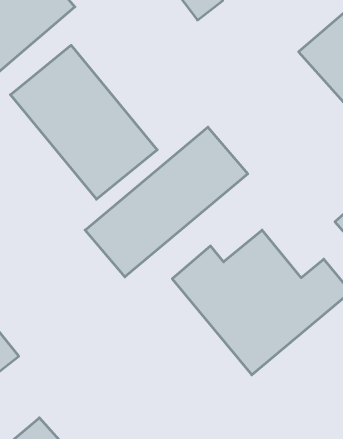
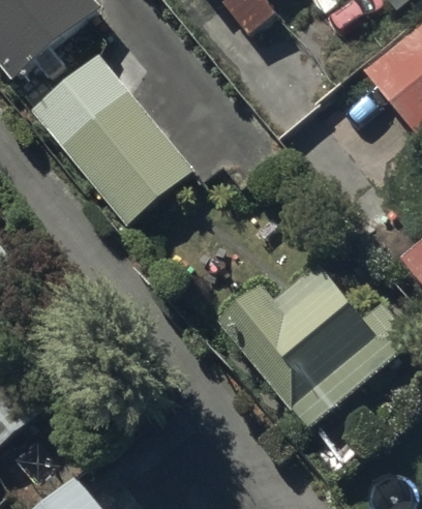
building: [85,127,248,277] -> none

